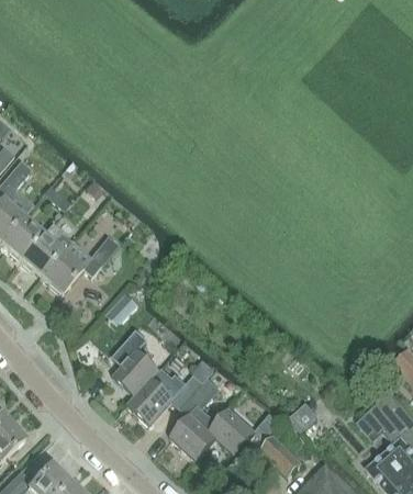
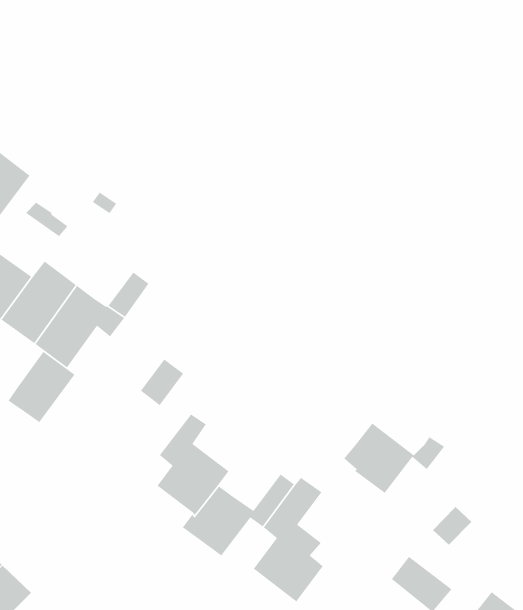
building: none -> [8,351,75,423]
building: [210,407,277,454] -> [343,422,445,494]

